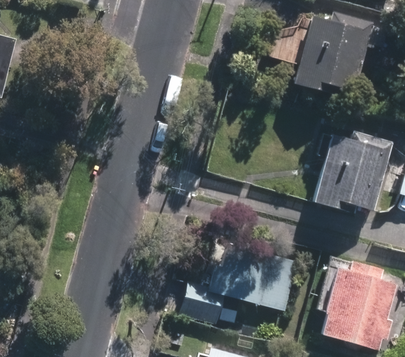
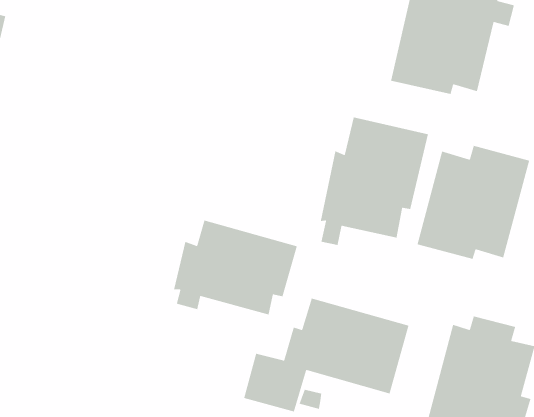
building: none -> [320,116,429,246]
building: none -> [173,220,298,316]

